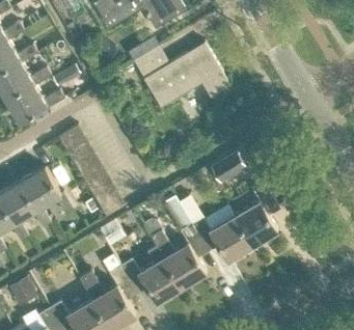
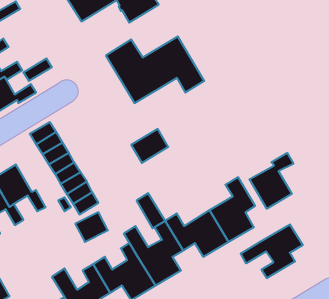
building: [210,152,246,185] -> [131,129,168,163]
building: none -> [249,153,293,209]
building: none -> [241,224,303,278]

